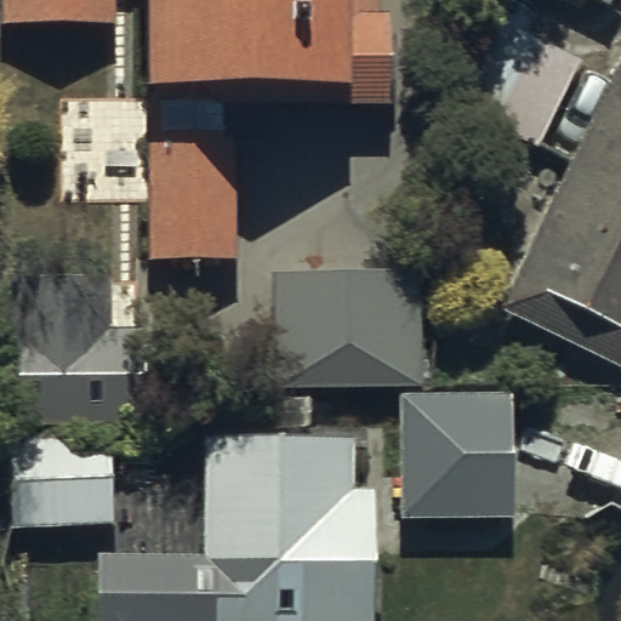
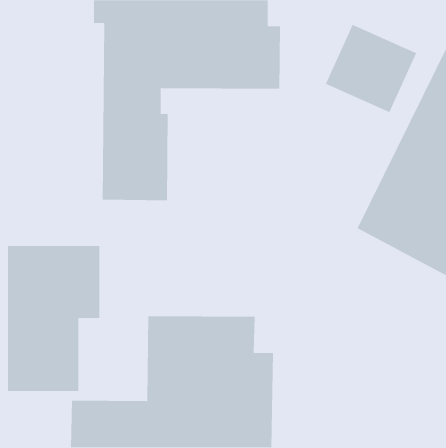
building: [274,269,428,386] -> none
building: [404,389,518,515] -> none

